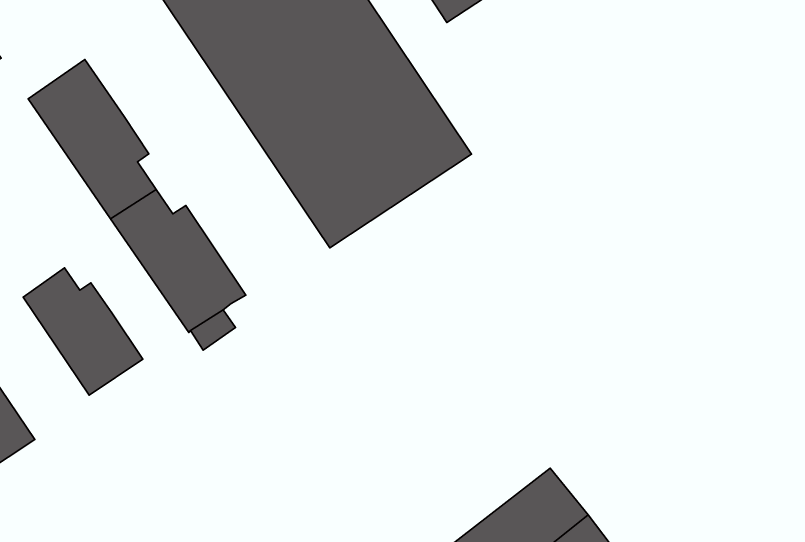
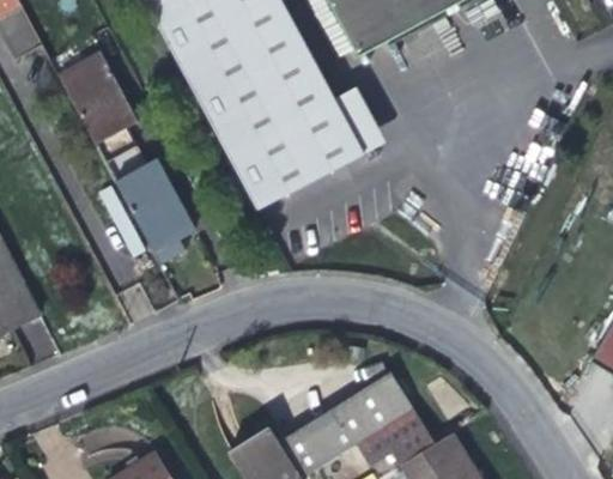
building: none -> [330,85,381,151]
building: [23,268,143,395] -> none

